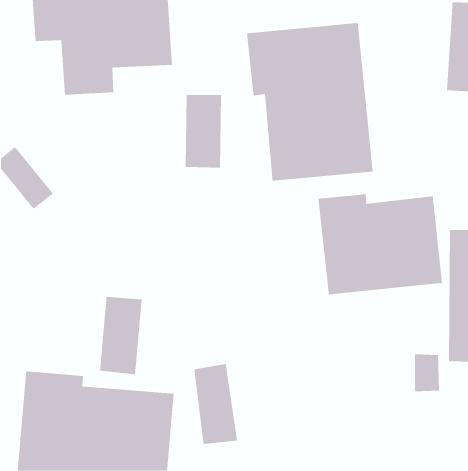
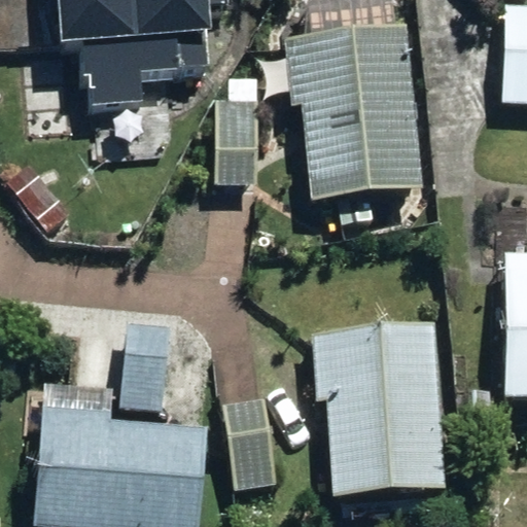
building: [318,193,443,295] -> none
building: none -> [312,326,444,495]

